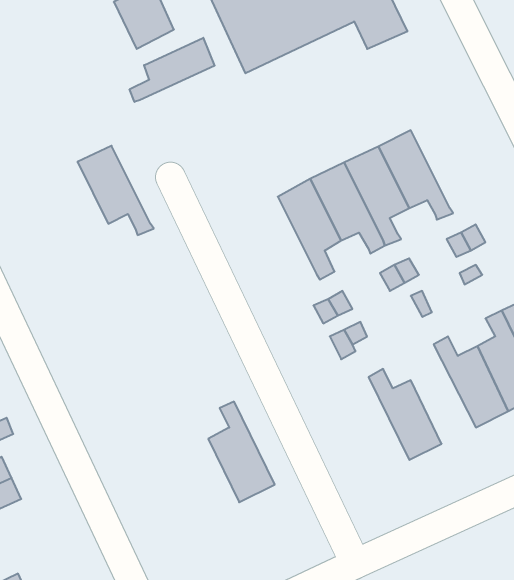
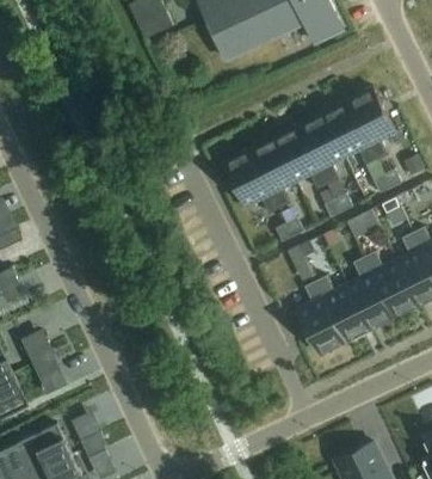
building: [130,38,215,102] -> none
building: none -> [346,86,394,160]
building: [77,146,154,235] -> [223,148,279,214]
building: none -> [346,257,394,330]
building: [208,402,275,502] -> [296,281,345,355]

